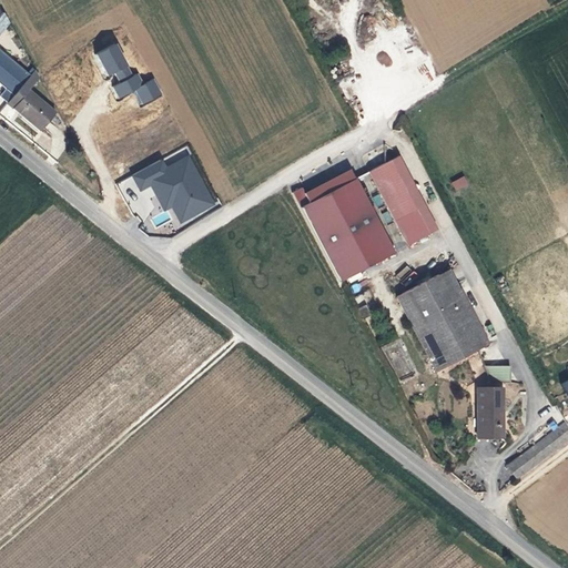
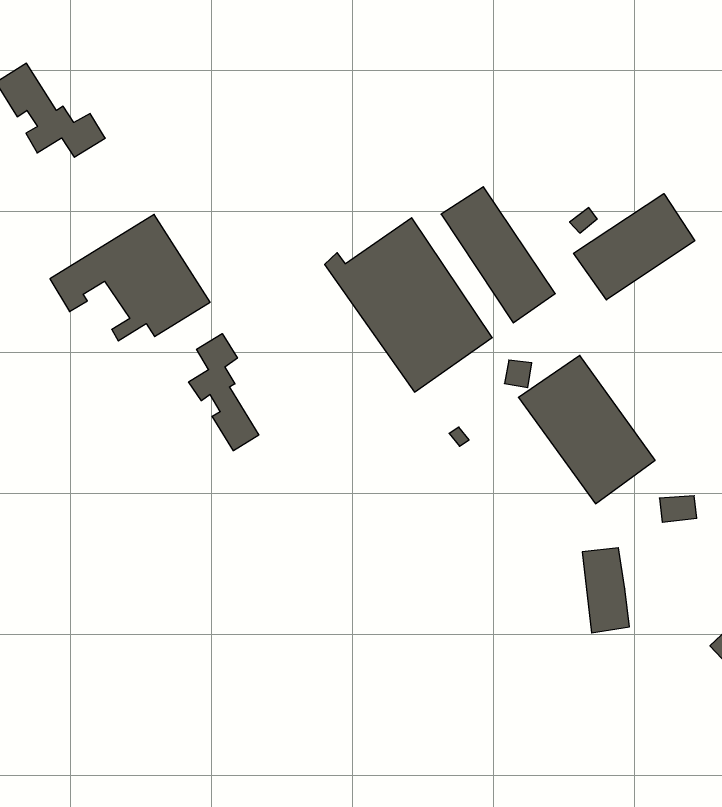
building: none -> [574,194,695,300]
building: none -> [189,334,259,451]
building: [479,385,504,437] -> [582,548,629,633]

